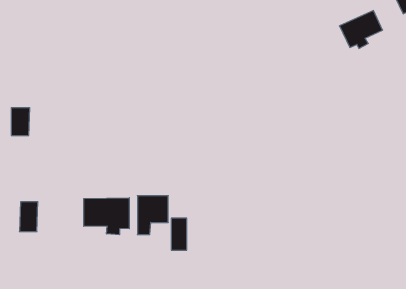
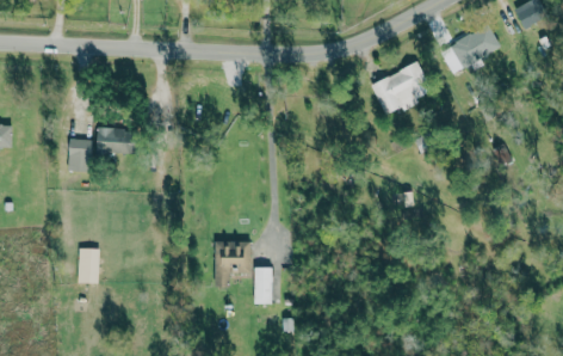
building: none -> [370,62,432,115]
building: none -> [97,128,135,153]
building: [84,198,129,235] -> none

